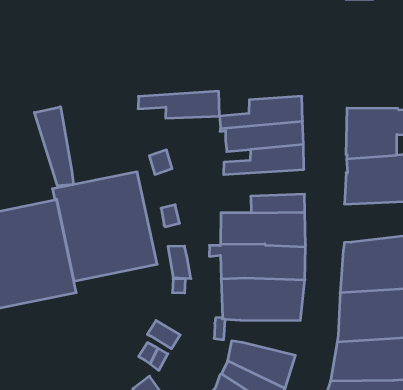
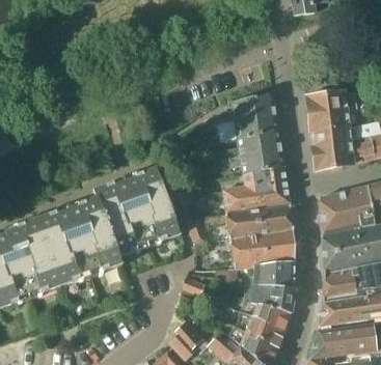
building: [138,91,219,118] -> [221,147,284,173]
building: [34,107,73,186] -> none
building: none -> [248,261,295,288]

